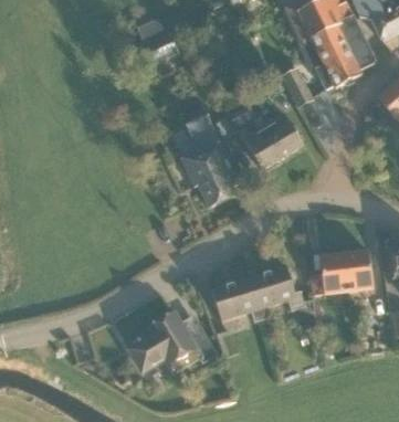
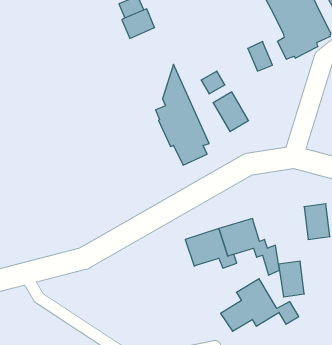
building: [262,112,302,156] -> none
building: [318,252,347,292] -> [278,261,304,297]
building: [128,309,216,368] -> [221,279,299,331]

